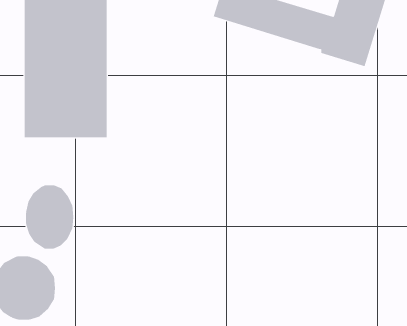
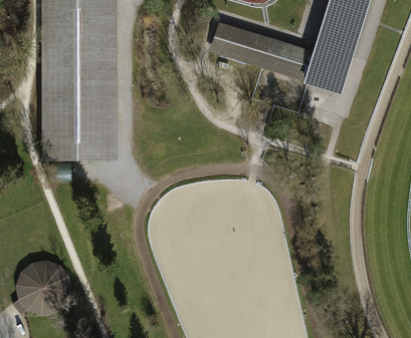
building: [26,184,74,250] -> none

